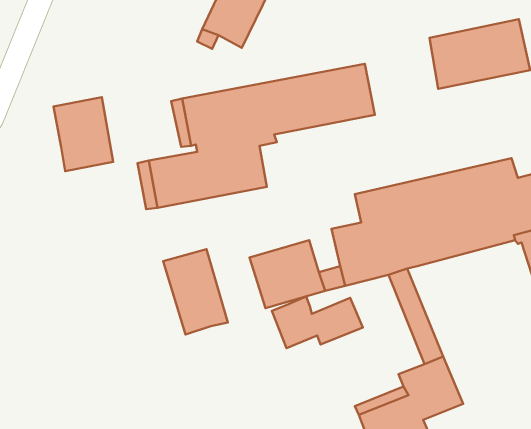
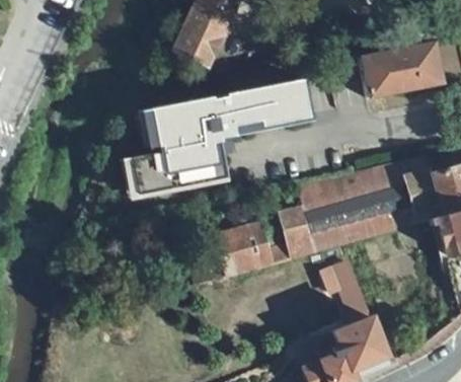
building: [54,97,113,171] -> none
building: [163,249,228,335] -> none
building: [272,296,363,348] -> none

